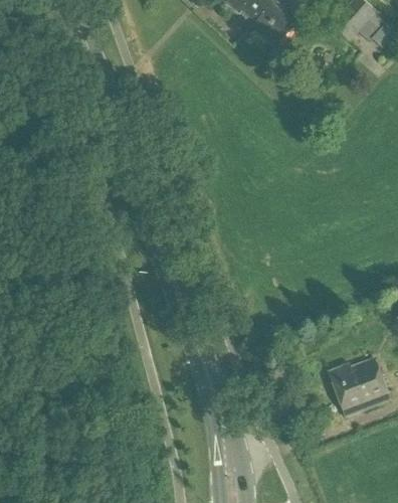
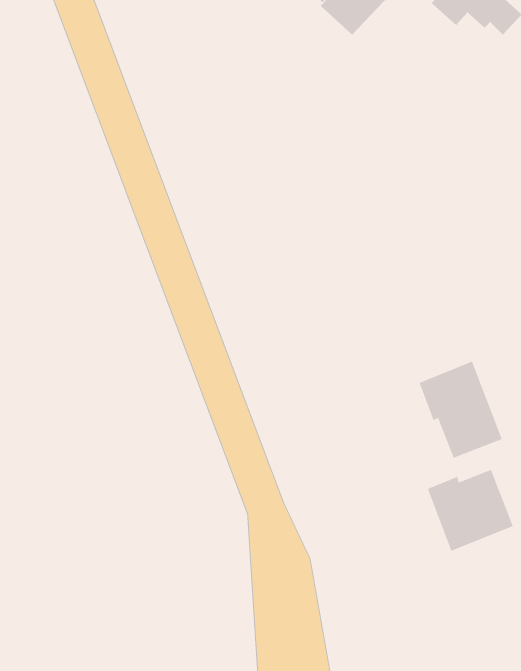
building: none -> [419,361,503,459]

